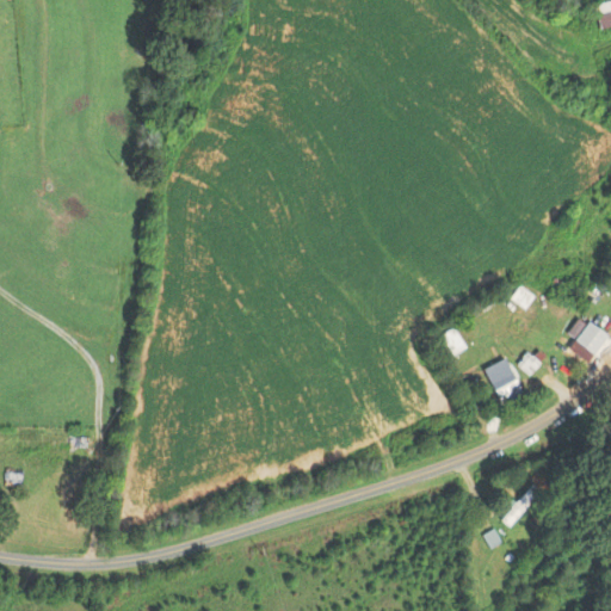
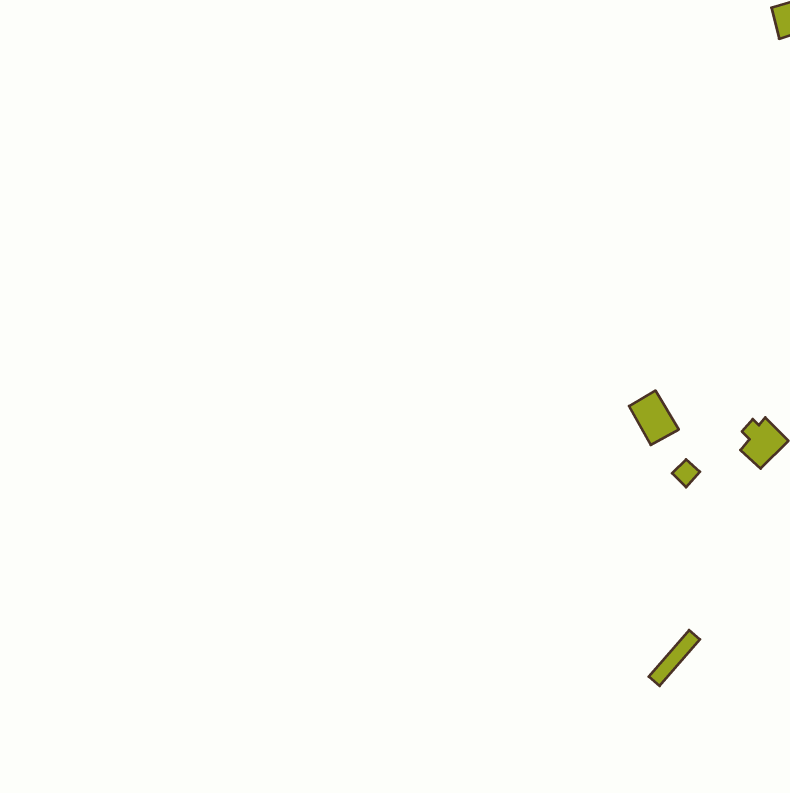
building: [485,358,523,400] -> [629,391,679,445]

